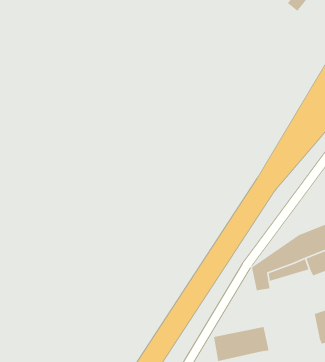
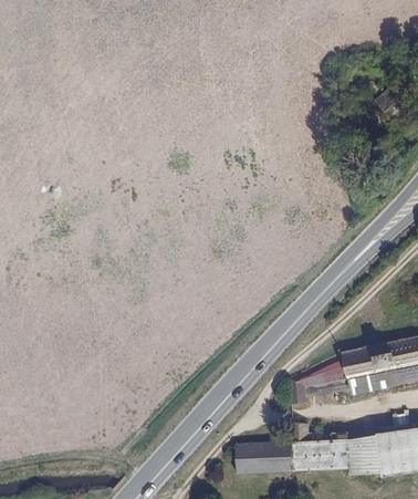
building: none -> [294,423,351,471]

